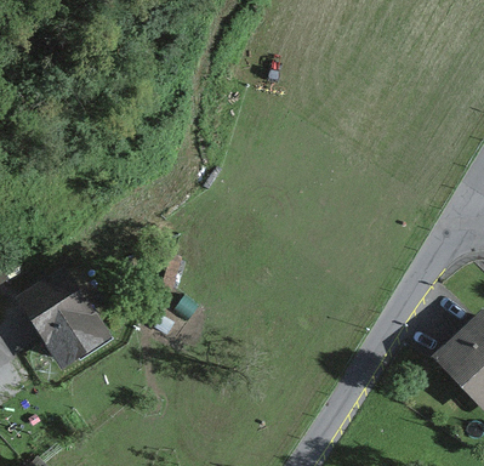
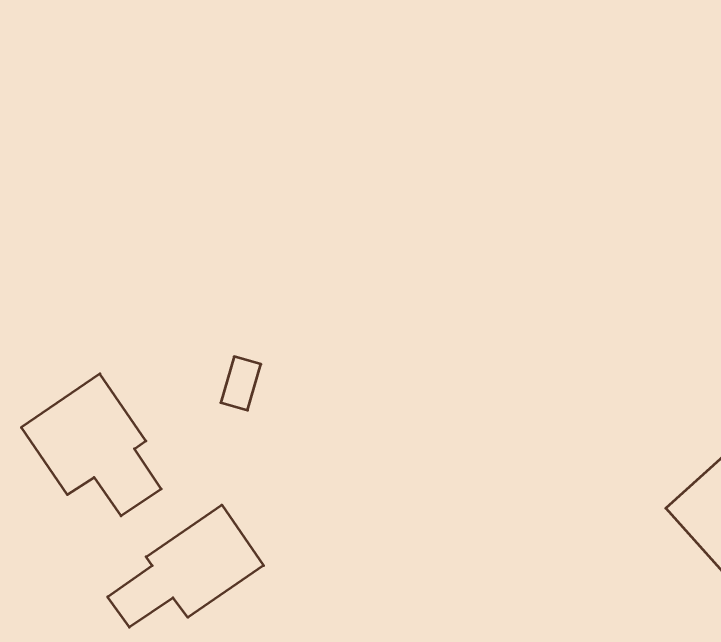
building: none -> [108,505,264,627]

